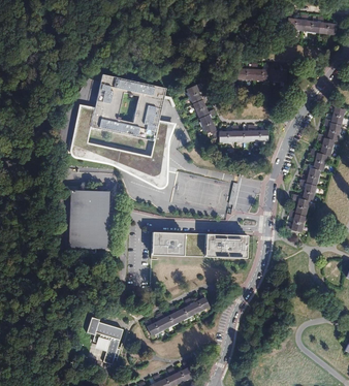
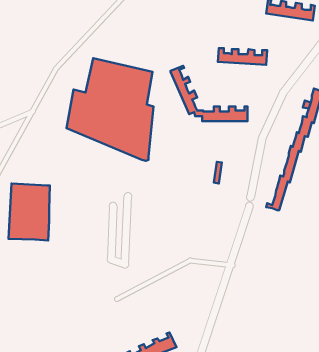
building: [67,190,110,250] -> [8,183,50,241]
building: [152,232,249,259] -> none
building: [145,291,210,333] -> none
building: [85,319,123,367] -> none

